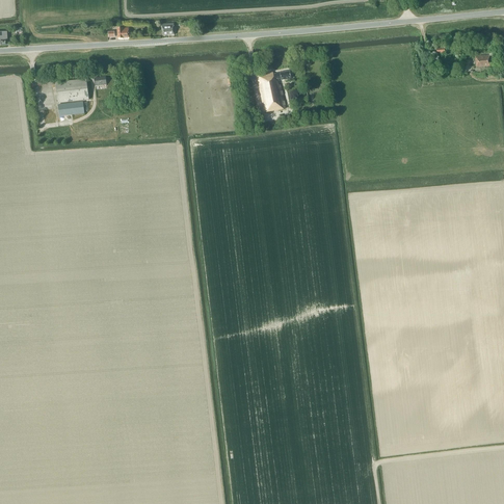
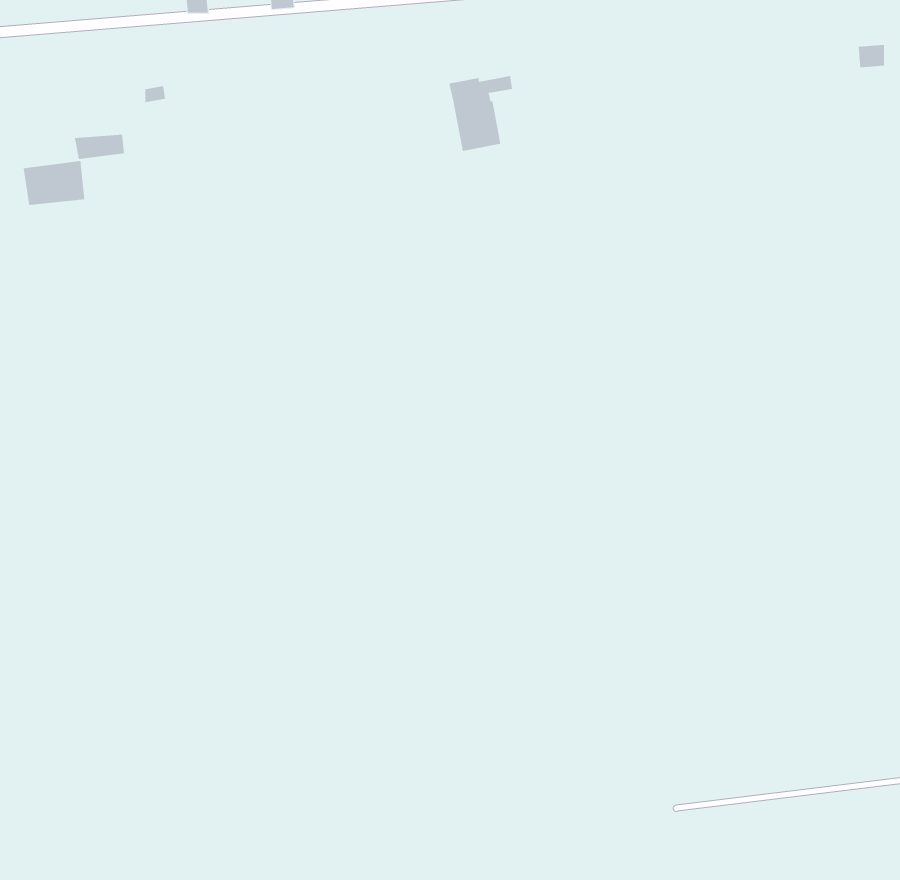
building: [54,79,87,103] -> [23,161,85,205]

